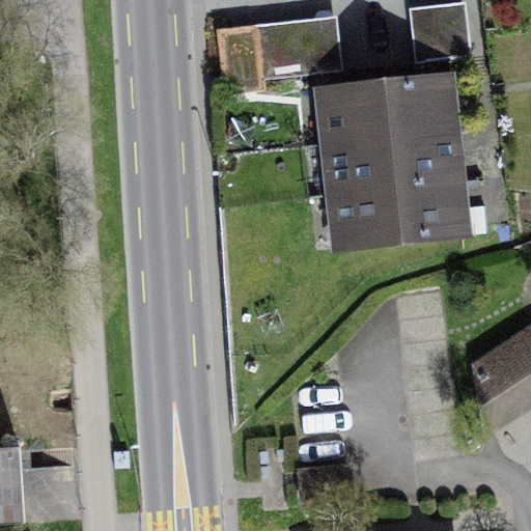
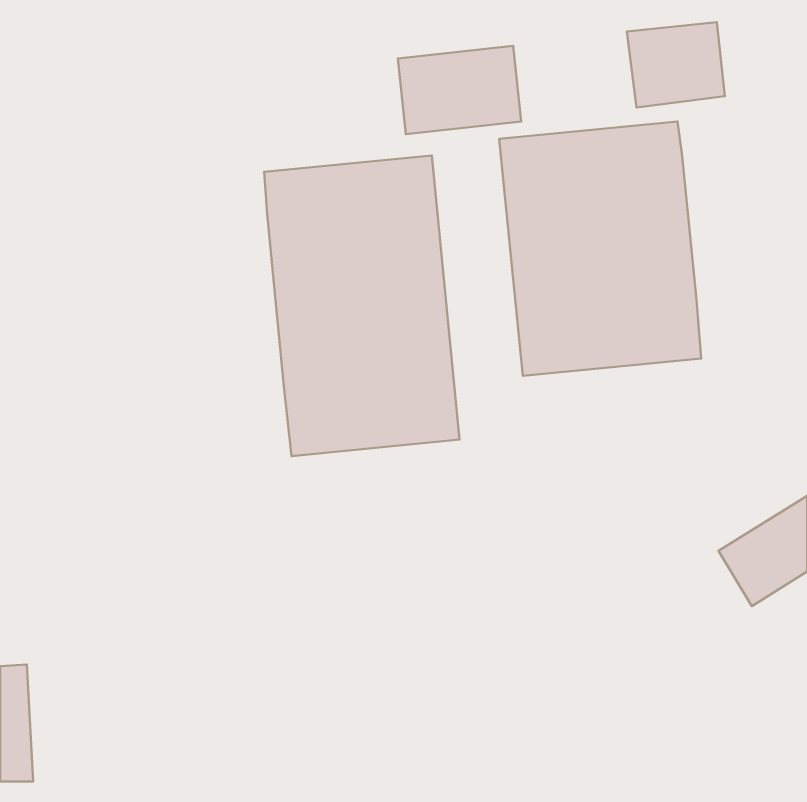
building: none -> [264,155,459,456]

